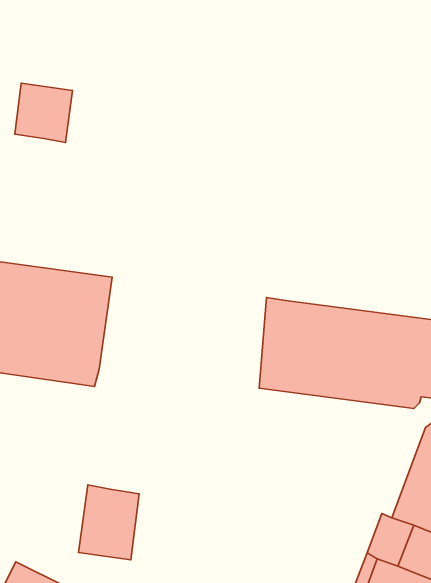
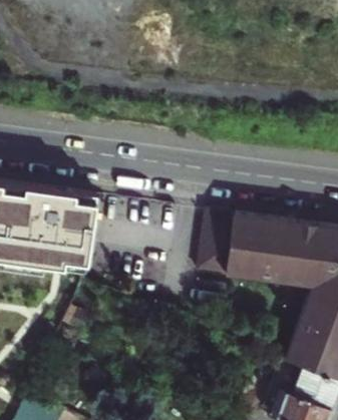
building: [15,83,73,143] -> none
building: [79,485,139,560] -> none

